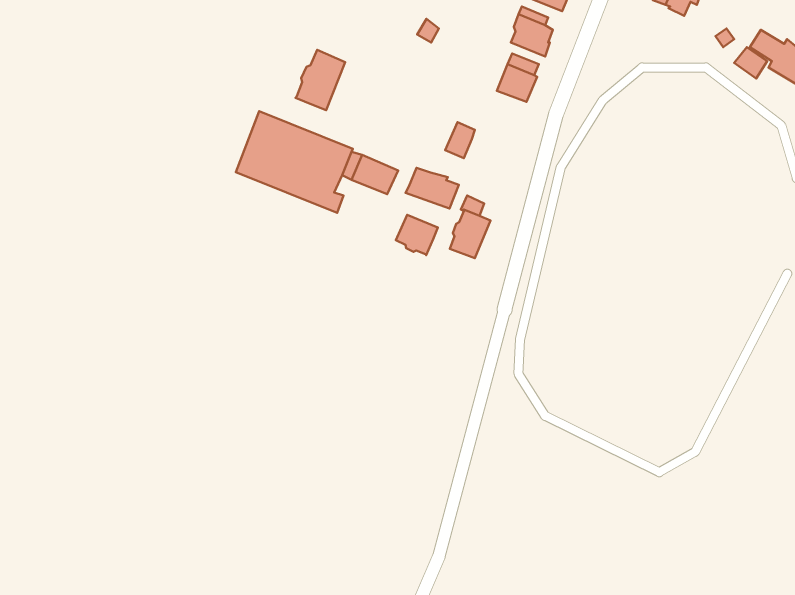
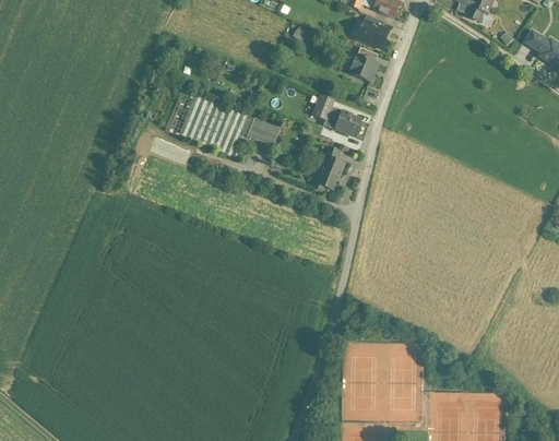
building: [296,50,345,110] -> none
building: [406,168,459,208] -> [324,107,361,135]
building: [396,215,438,255] -> none

